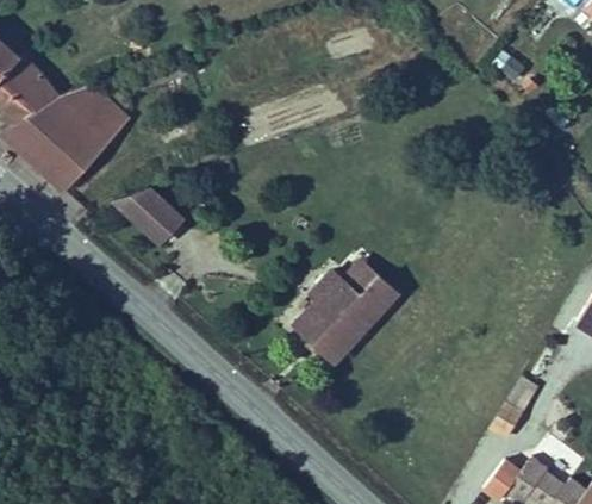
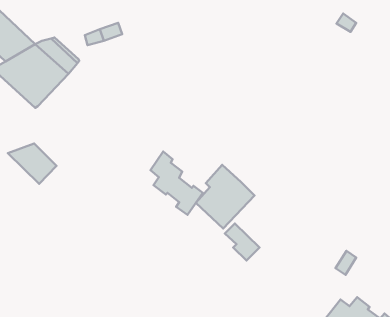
building: [114,187,185,245] -> [8,143,57,184]
building: none -> [150,152,203,215]
building: [348,261,398,315] -> [225,223,260,261]

